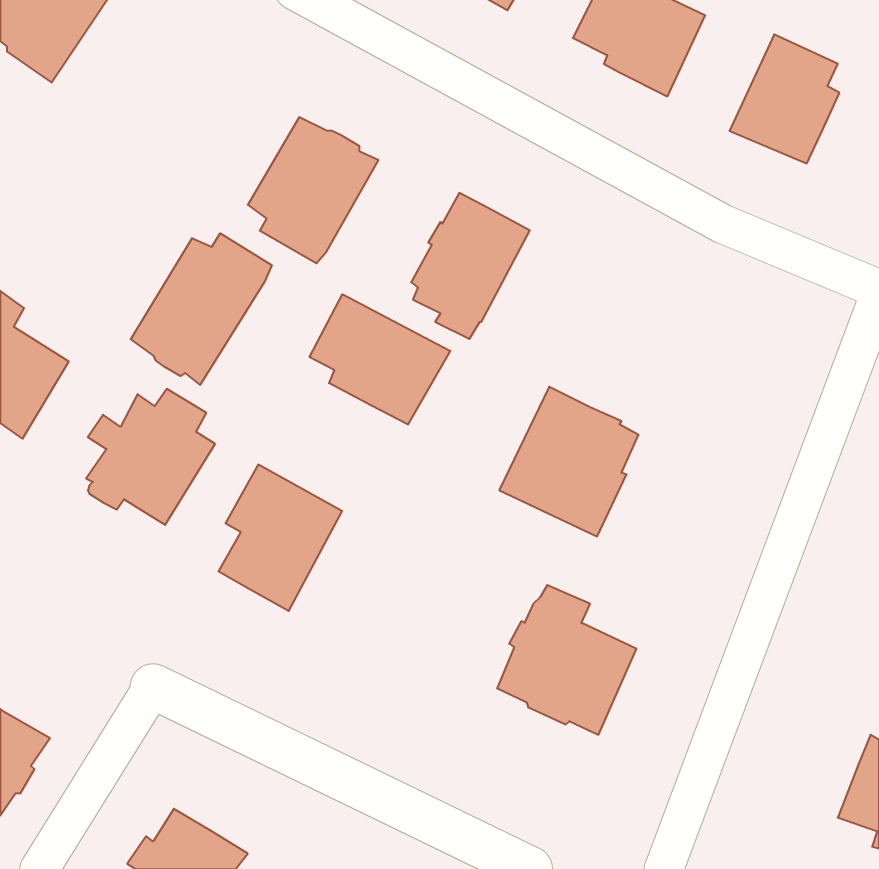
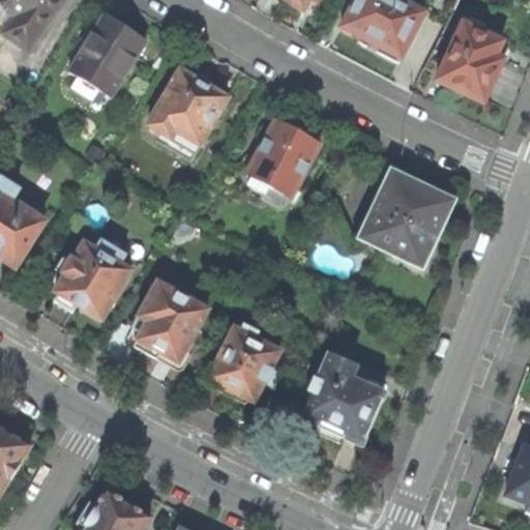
building: none -> [70,7,145,98]
building: [131,233,272,385] -> none
building: [310,294,450,425] -> none
building: [499,387,639,536] -> [362,170,446,260]
building: none -> [206,322,279,400]

